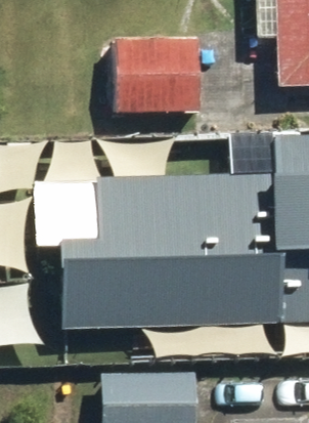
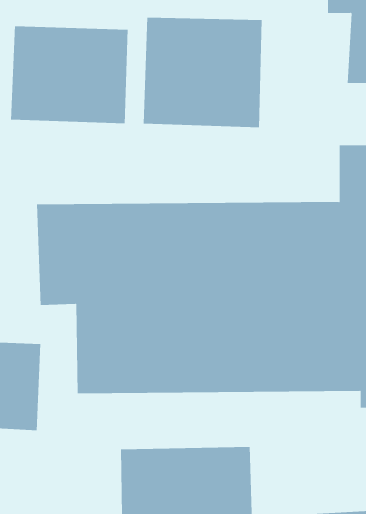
building: none -> [11,25,128,124]

